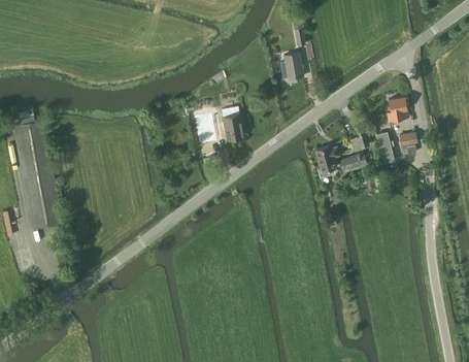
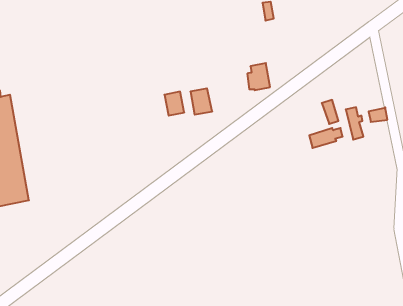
building: [279,53,302,79] -> [247,63,270,90]
building: [387,97,407,121] -> none
building: [314,145,338,177] -> none

